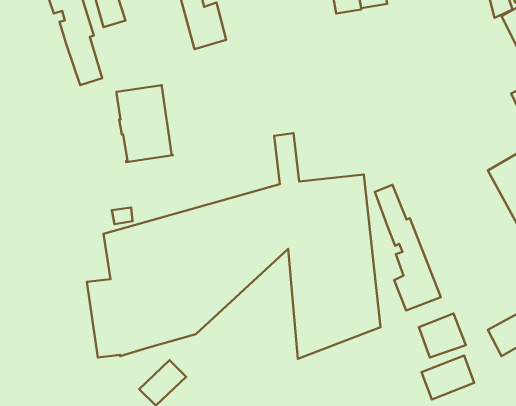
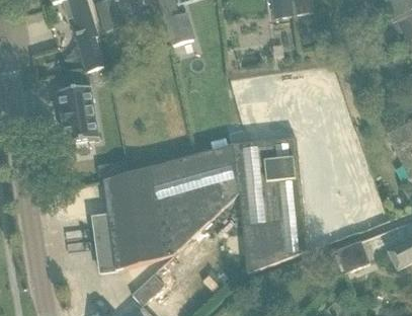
building: [116,85,173,162] -> [57,86,98,143]
building: [375,185,441,310] -> none
building: [422,355,474,400] -> none

